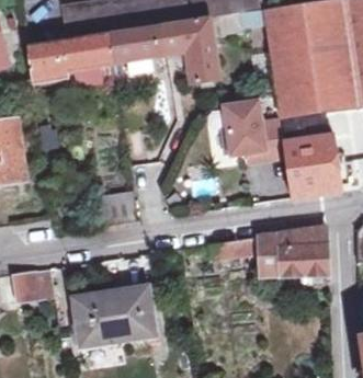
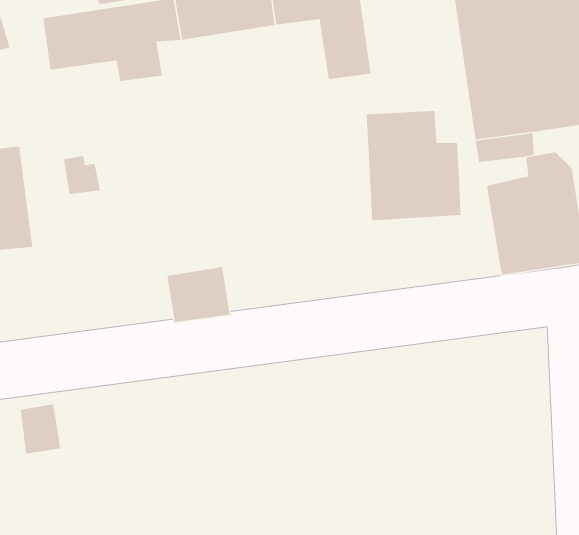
building: [207,227,330,278] -> none
building: [72,286,152,342] -> none

